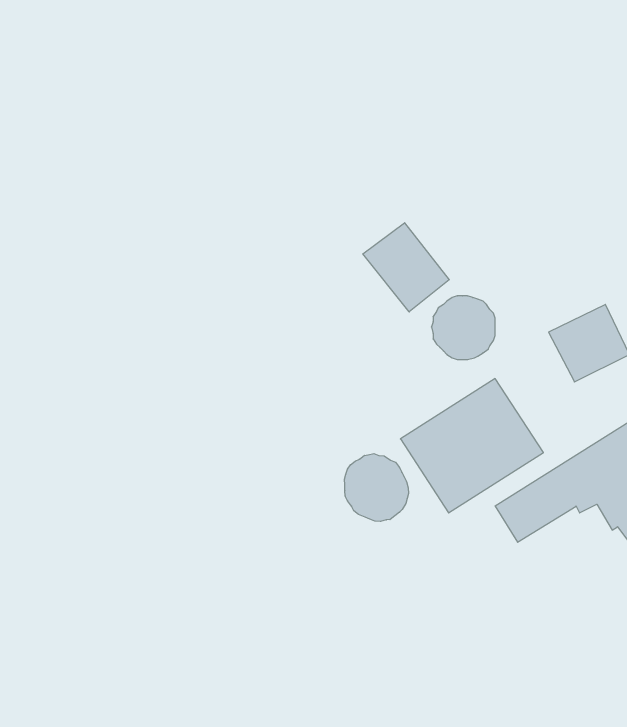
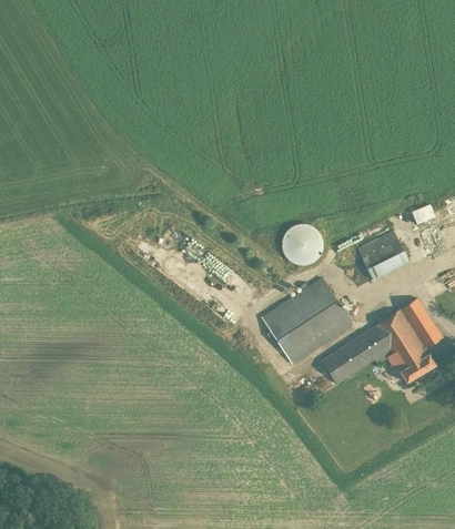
building: [363,223,449,312] -> none
building: [345,454,409,521] -> none

